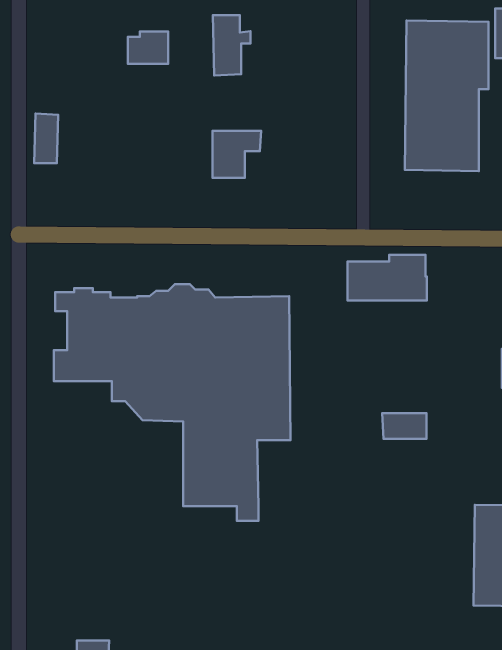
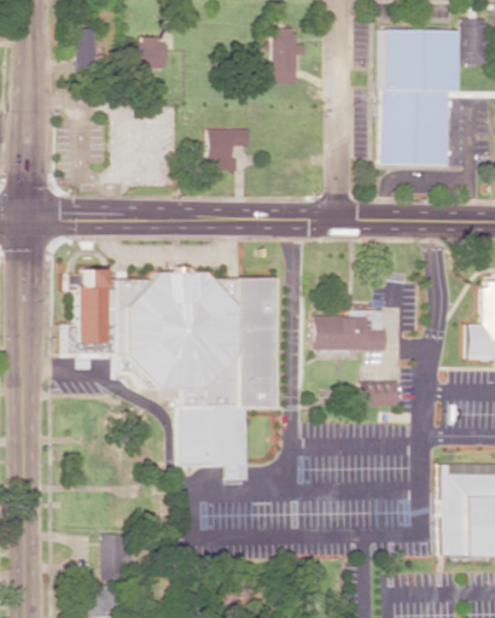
building: [213,15,251,76] -> [273,30,307,84]
building: [34,114,58,163] -> [75,29,97,74]
building: [347,255,427,301] -> [311,310,383,351]
building: none -> [101,535,122,582]

